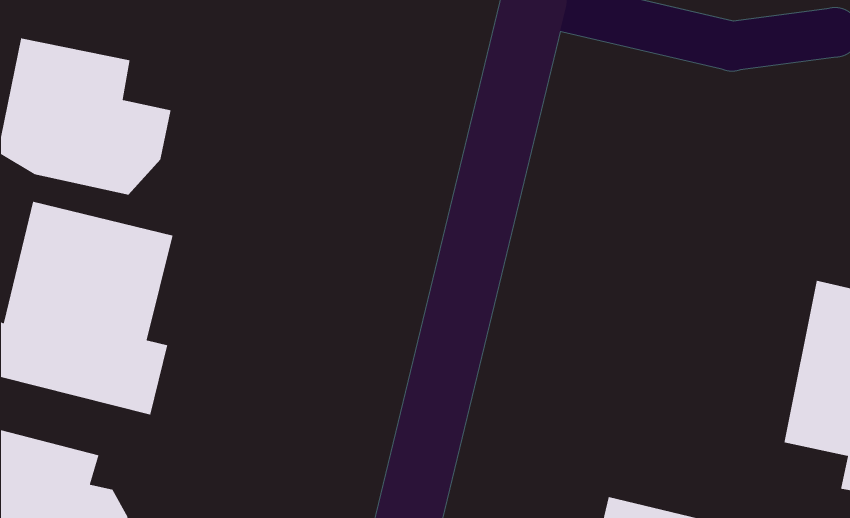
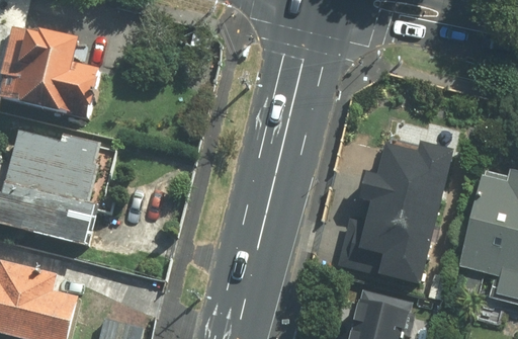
building: none -> [343,140,448,284]

